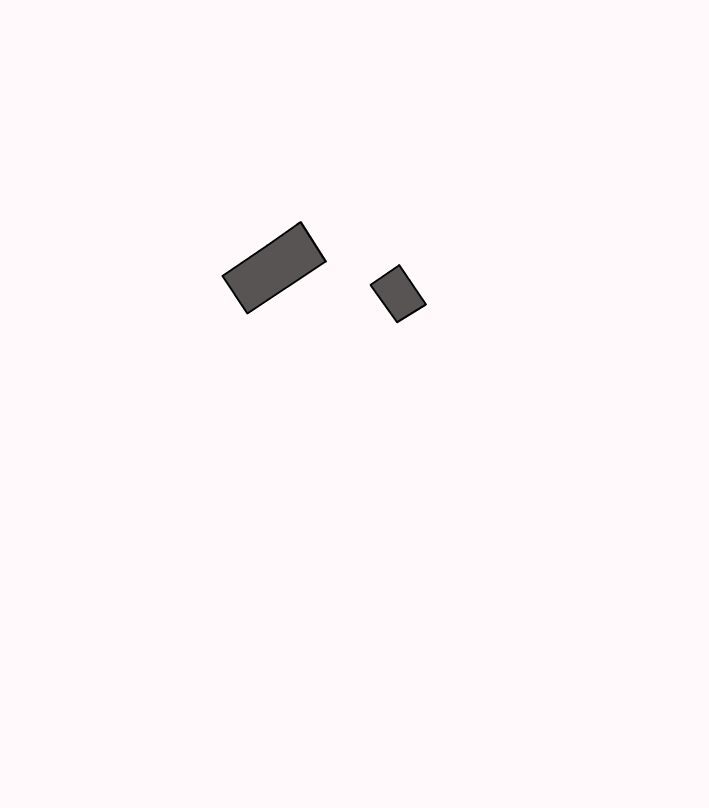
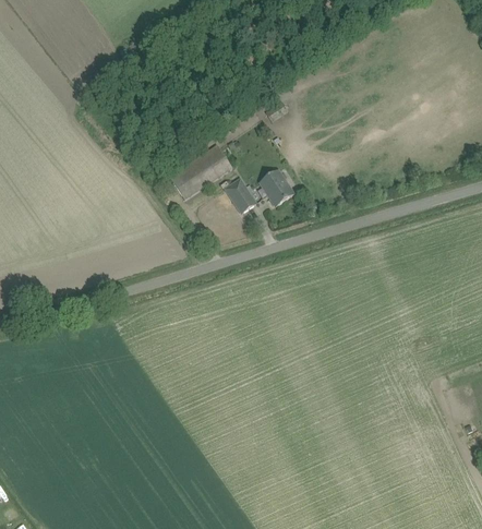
building: none -> [222,177,255,213]

